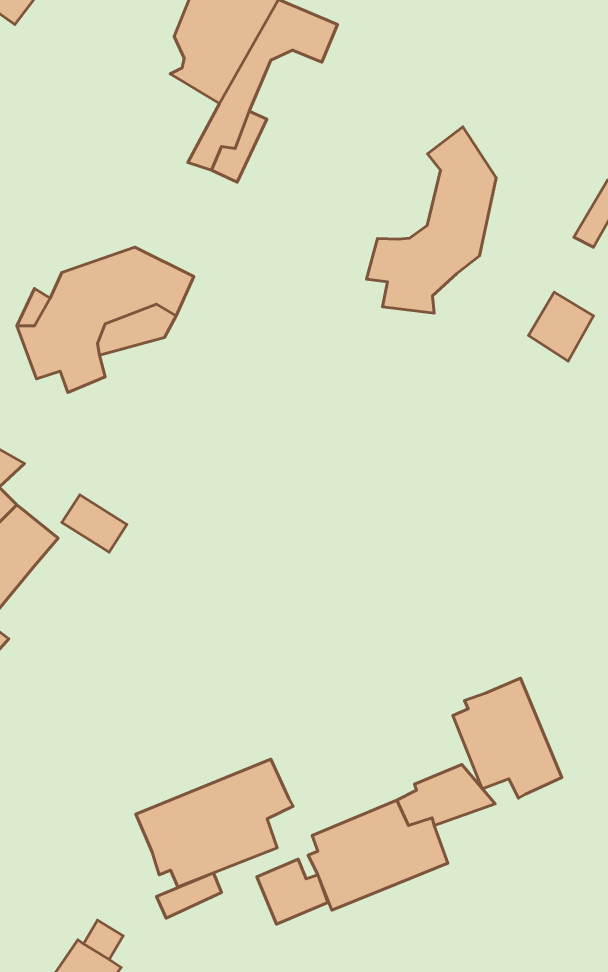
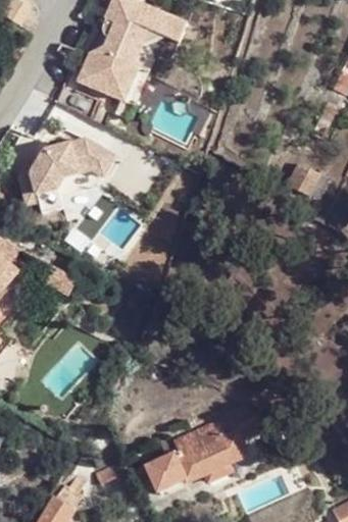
building: none -> [74,49,123,95]
building: [366,127,496,313] -> none
building: [453,678,562,798] -> none
building: [136,759,293,887] -> none

